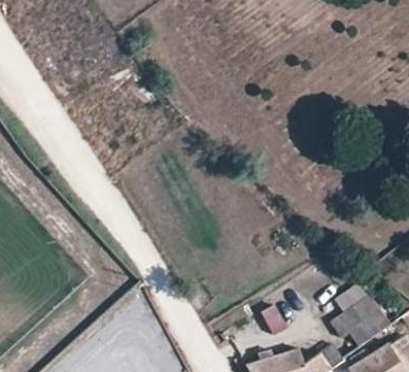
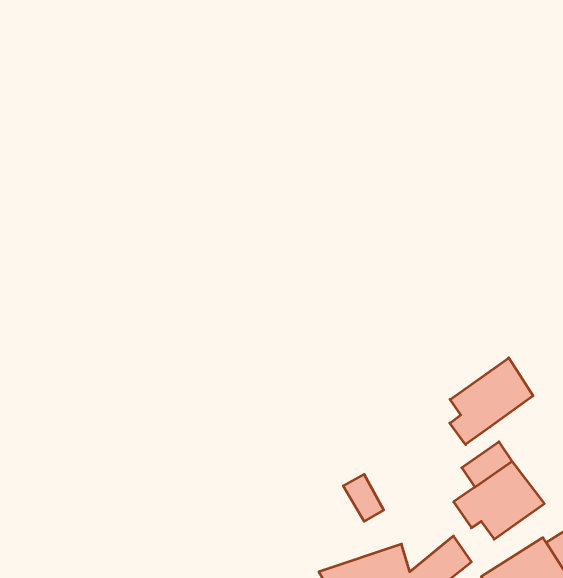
building: none -> [450,358,533,445]

